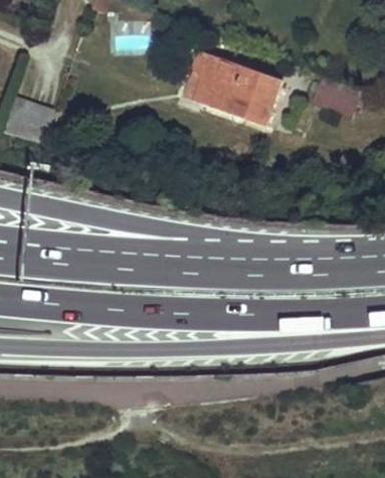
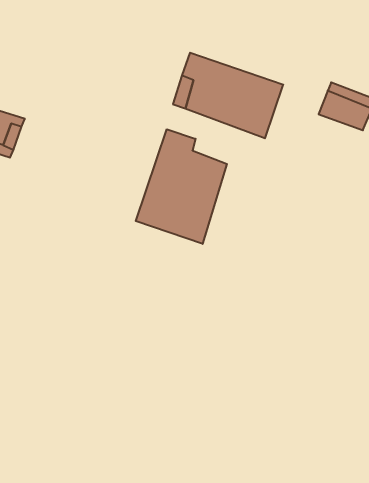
building: none -> [136,129,227,244]

